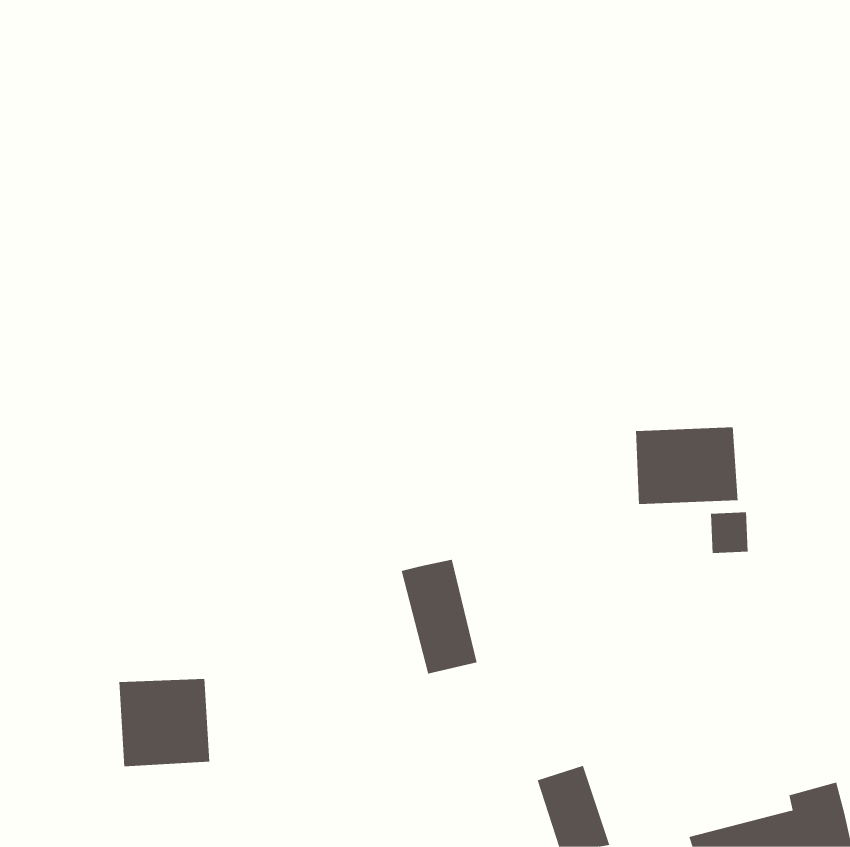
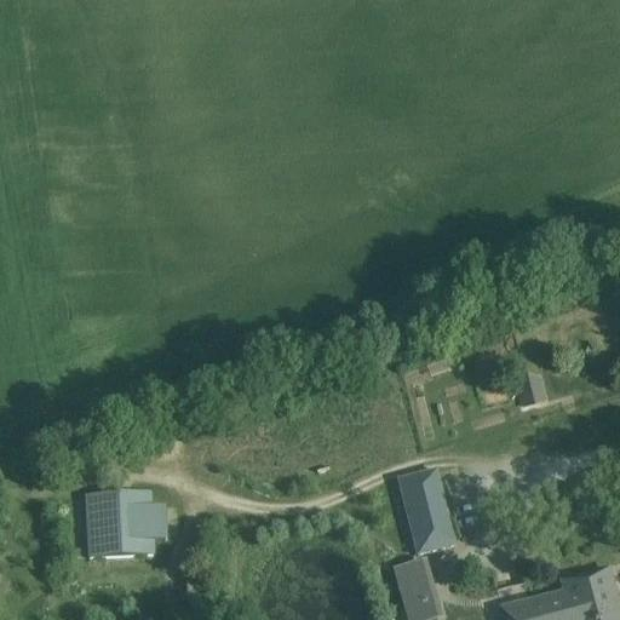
building: [635,427,738,505] -> none
building: [401,559,478,674] -> [400,470,455,553]

